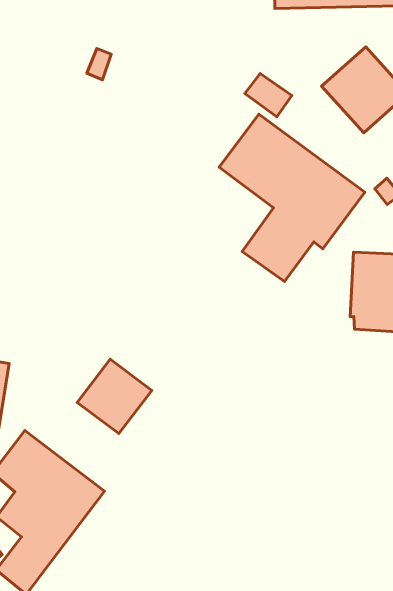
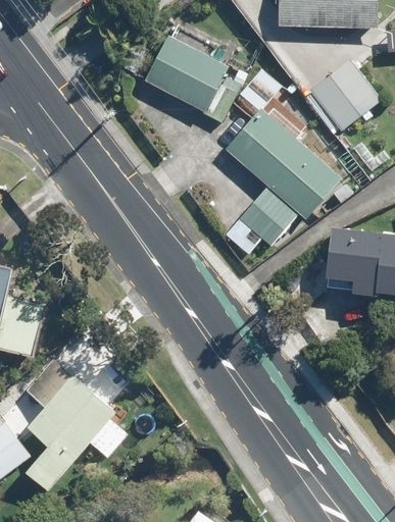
building: none -> [143,36,250,122]
building: [77,359,152,434] -> none

